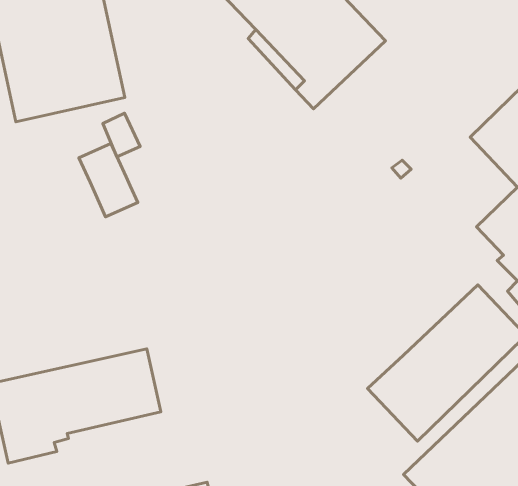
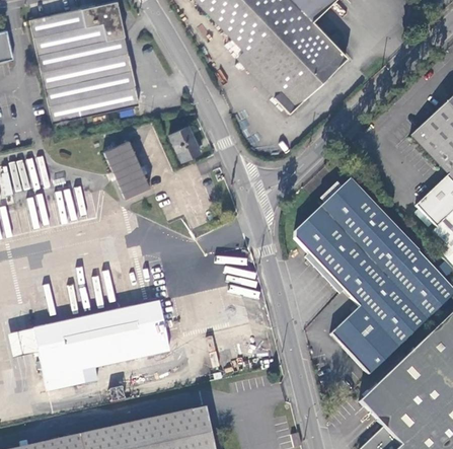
building: [103,113,140,157] -> [167,126,197,160]
building: none -> [295,179,419,306]

